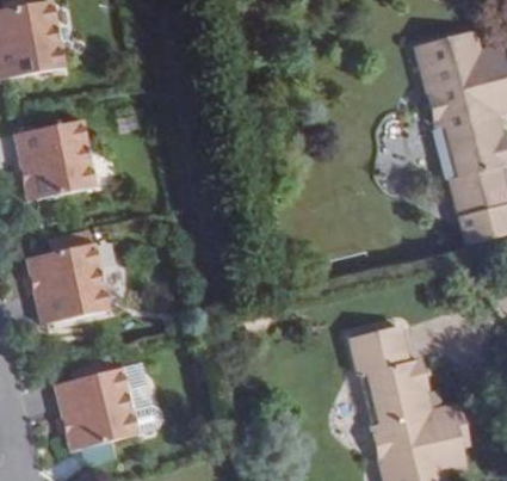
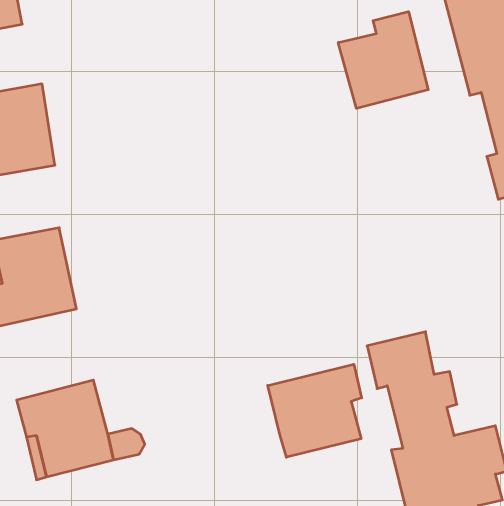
building: none -> [338,12,428,108]
building: none -> [268,364,362,457]

